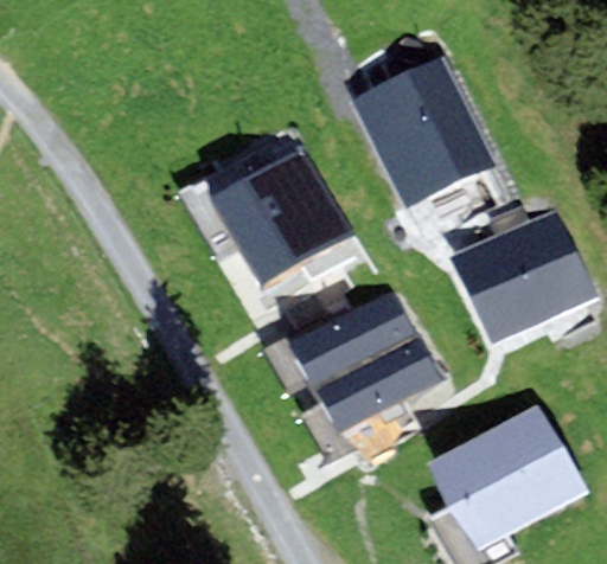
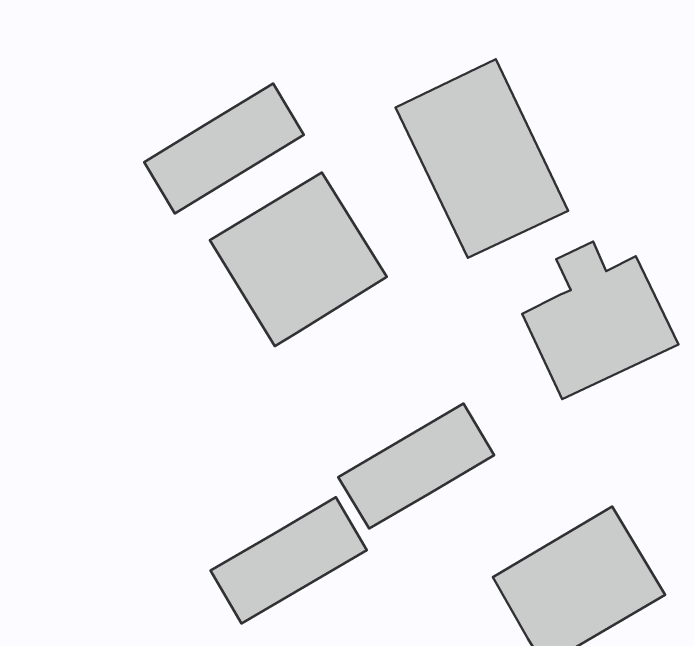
building: none -> [144,83,304,214]
building: [288,293,414,395] -> [210,497,367,624]

